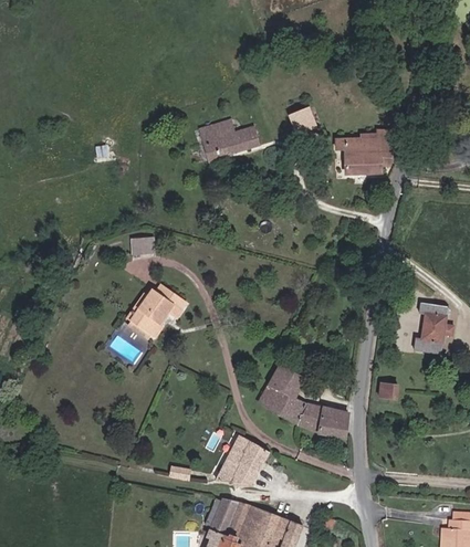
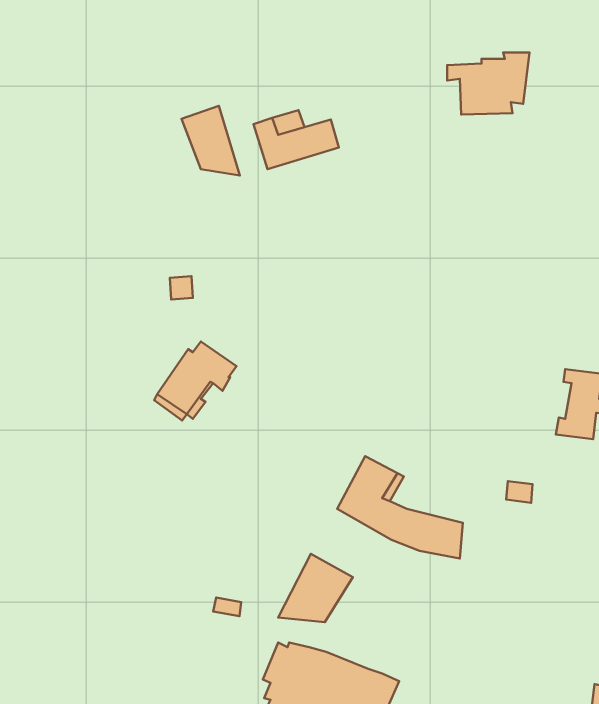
building: [288,107,317,136] -> none
building: none -> [182,106,240,175]
building: [335,130,394,175] -> [447,53,529,115]

